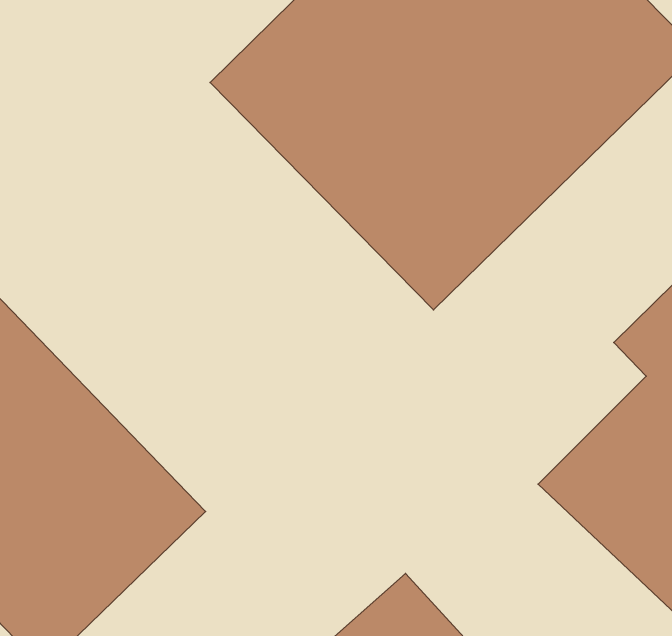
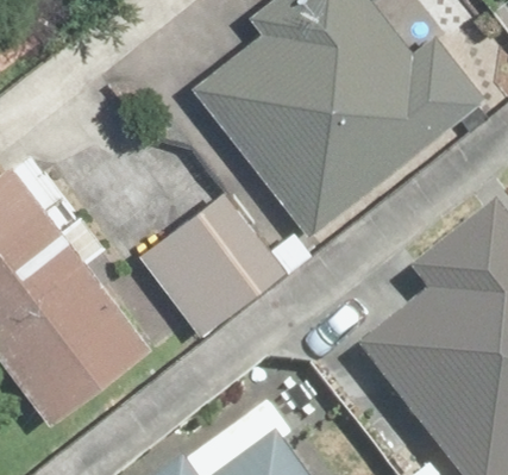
building: none -> [136,182,287,331]

